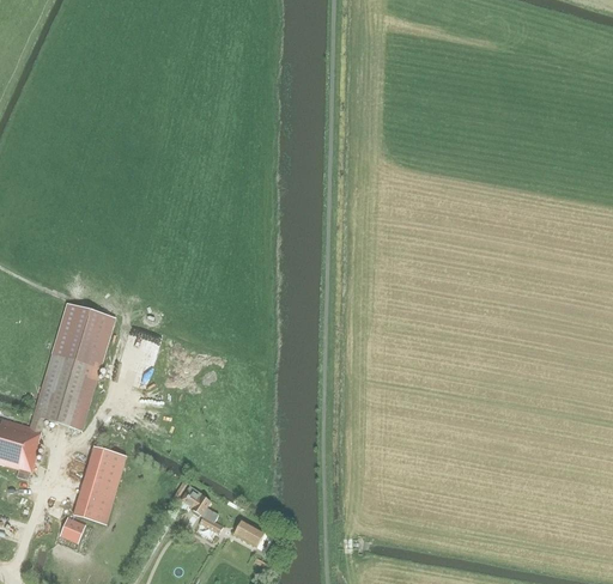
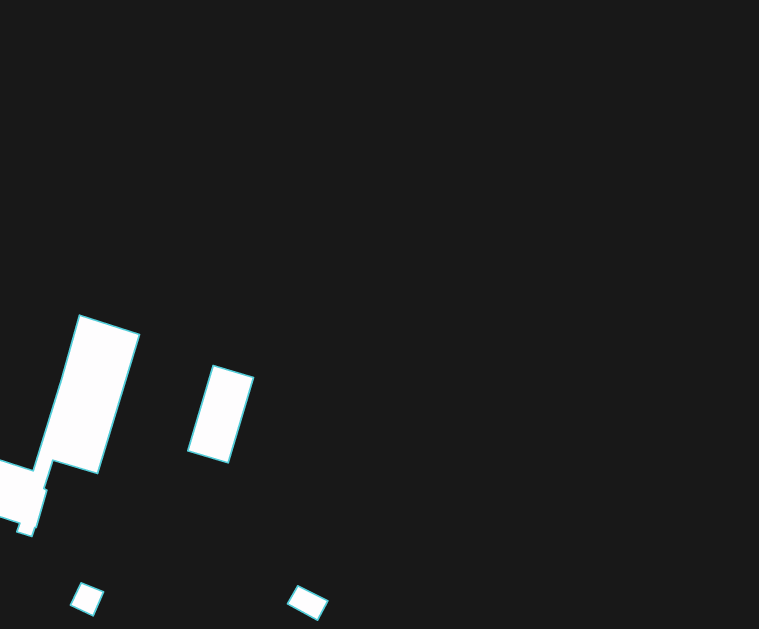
building: [73,446,126,524] -> [188,366,254,463]
building: [181,488,221,533] -> none

